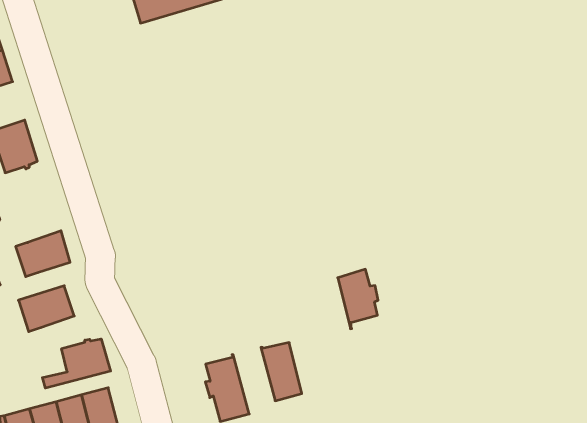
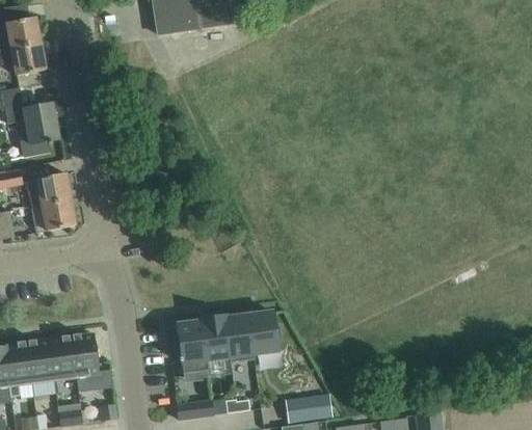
building: [338,269,378,329] -> [248,312,280,359]
building: [18,286,74,332] -> [26,173,71,208]
building: [42,339,111,388] -> none
building: none -> [201,317,231,371]

